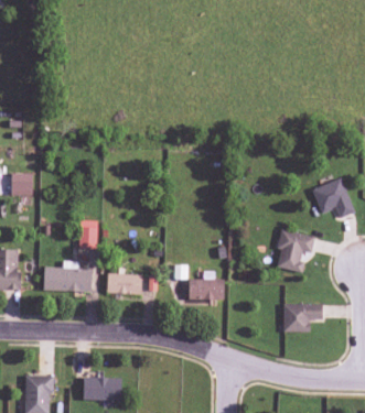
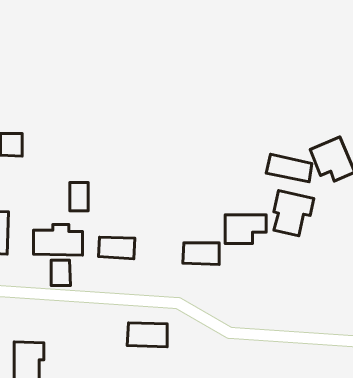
building: none -> [266,154,312,182]
building: none -> [51,260,70,285]
building: [283,303,323,330] -> [225,215,266,243]
building: [83,377,121,400] -> [127,323,167,347]

